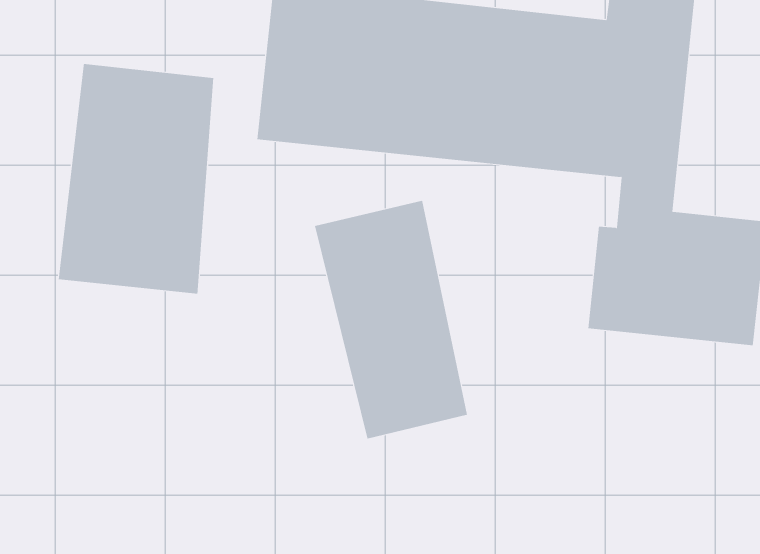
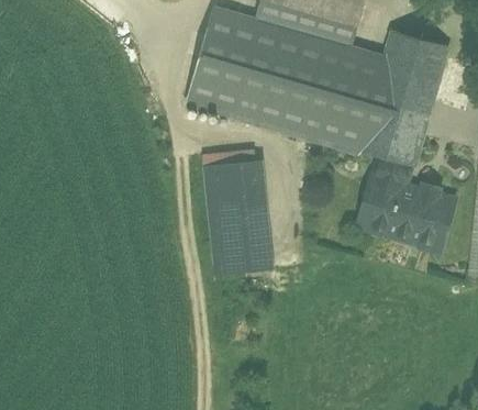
building: [58,63,214,294] -> none

